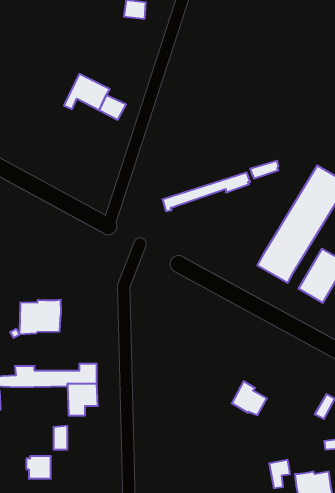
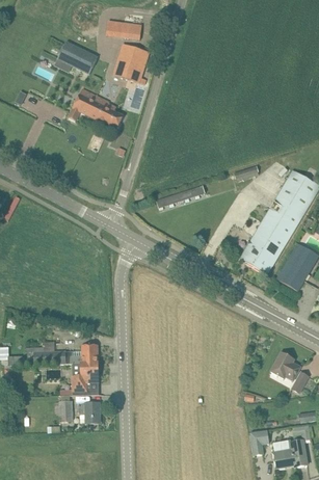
building: none -> [57,38,98,71]
building: none -> [113,43,150,81]
building: [19,300,61,334] -> none
building: [232,381,267,415] -> [270,350,301,380]
building: [26,456,51,479] -> [78,402,100,422]

